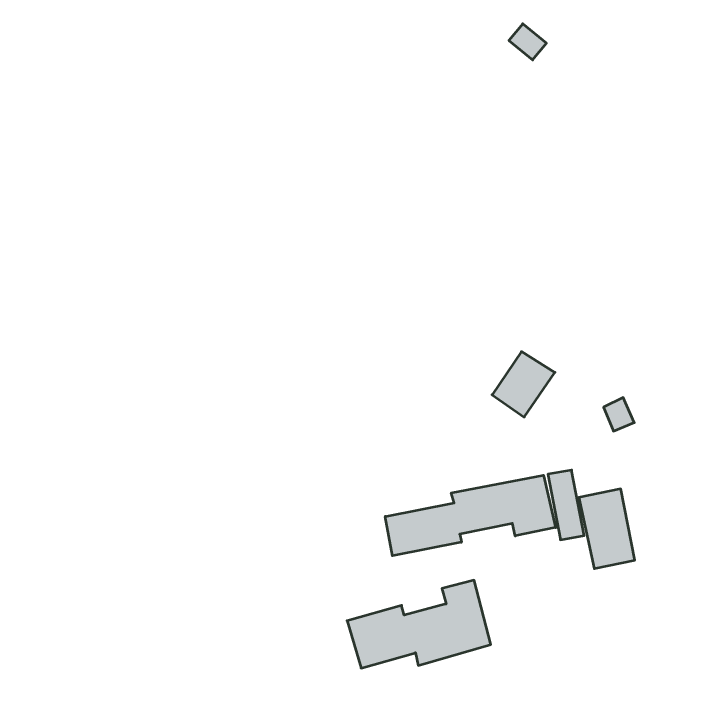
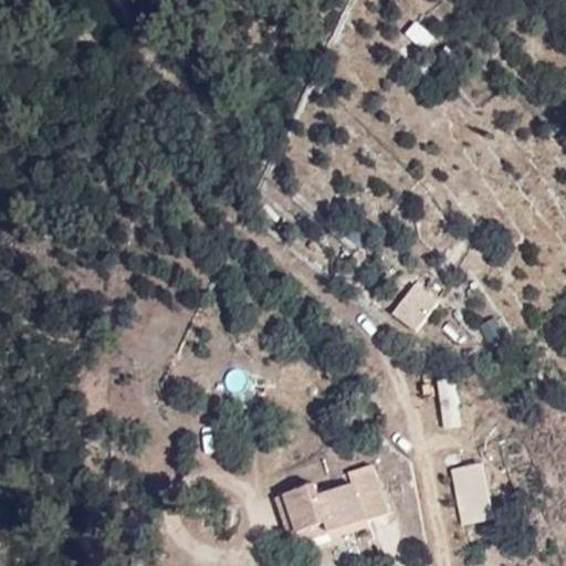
building: [385,475,556,556] -> none
building: [579,489,635,569] -> [448,462,492,525]

